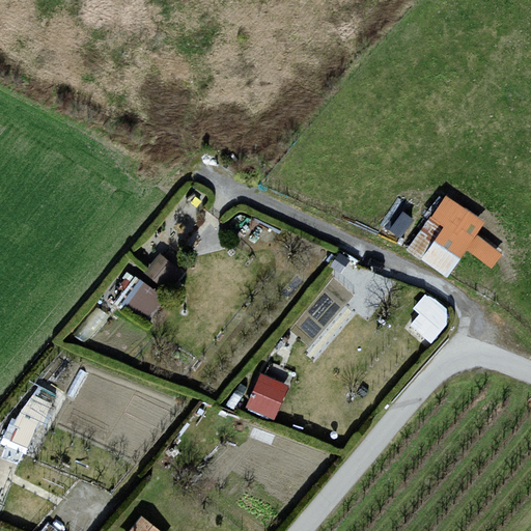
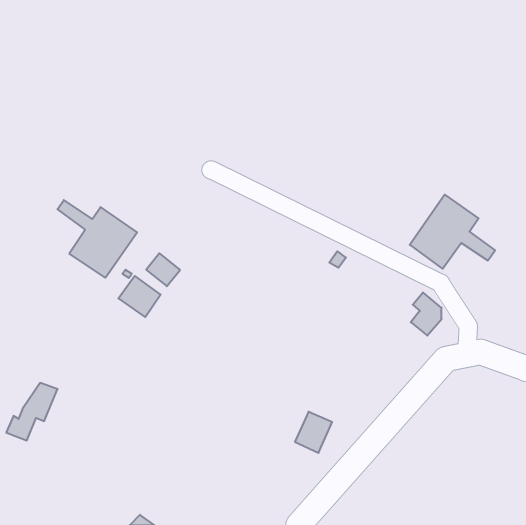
building: none -> [57,200,137,278]
building: [249,374,286,416] -> [295,412,332,453]

